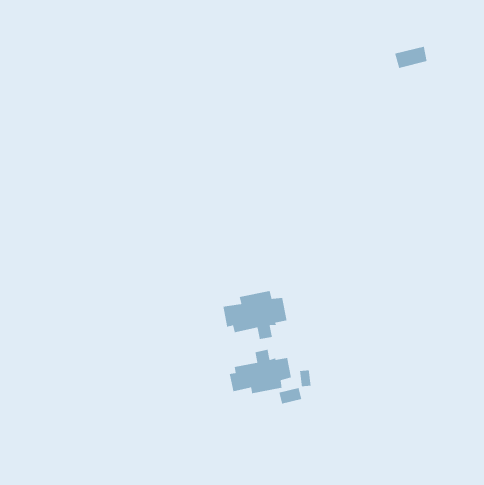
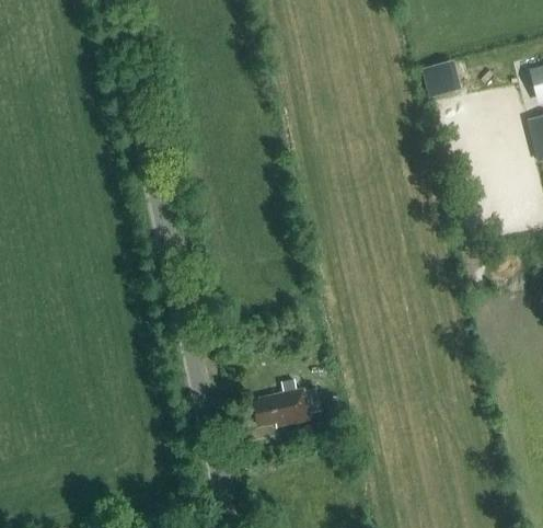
building: [223,290,288,340] -> none

